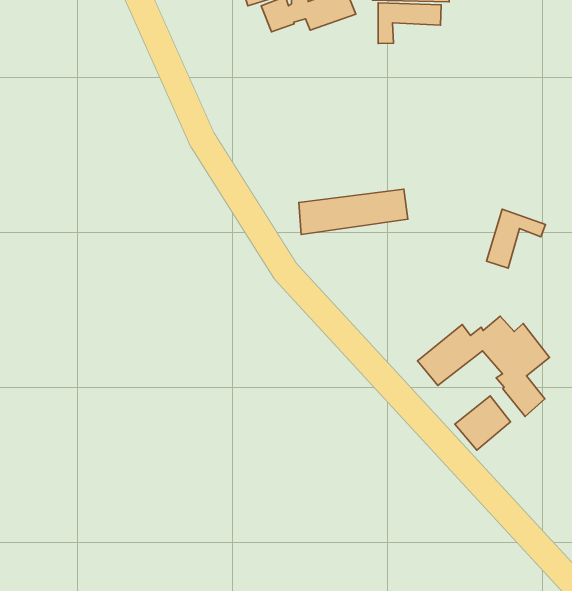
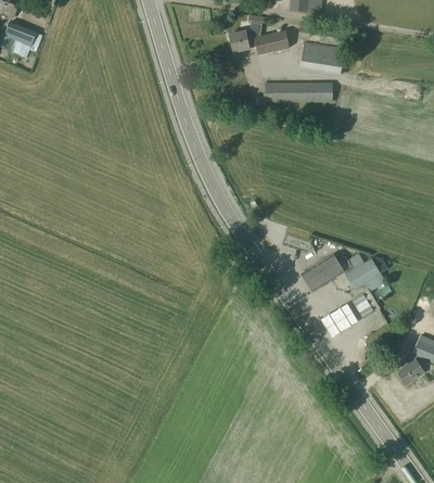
building: [299,189,408,235] -> [263,84,332,104]
building: [486,209,545,268] -> none

